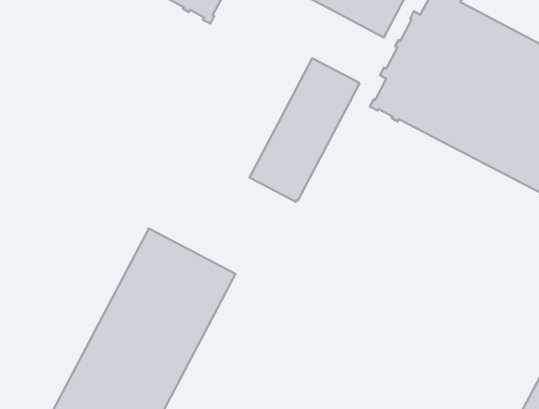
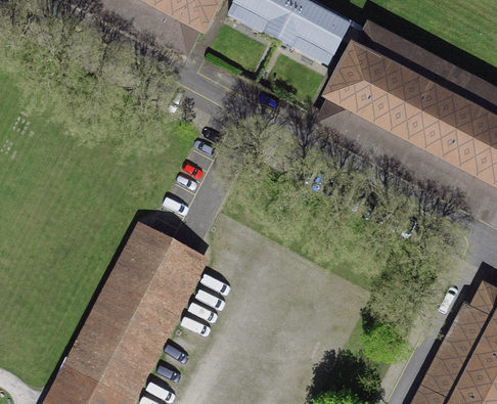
building: [249,58,359,202] -> none

